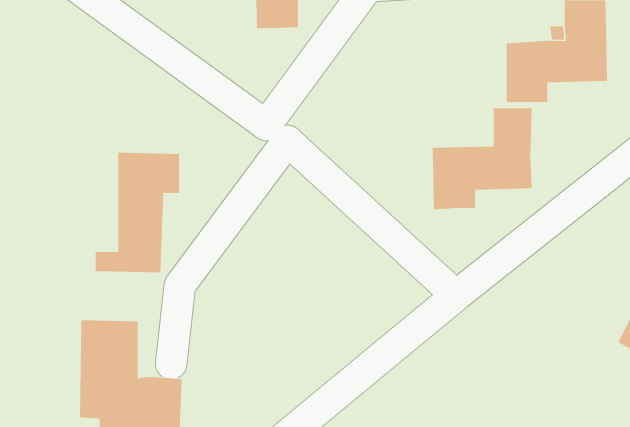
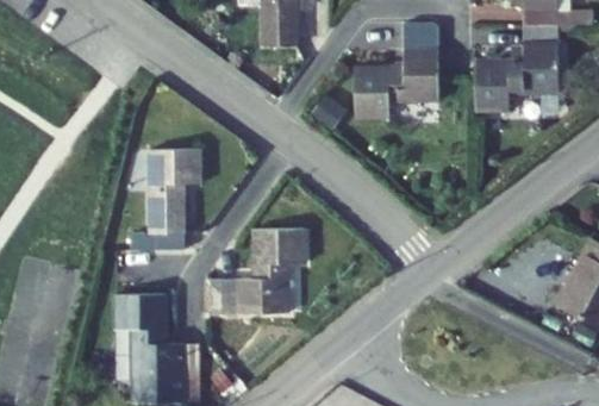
building: [432,108,532,210] -> [355,36,439,121]
building: none -> [212,229,311,314]

